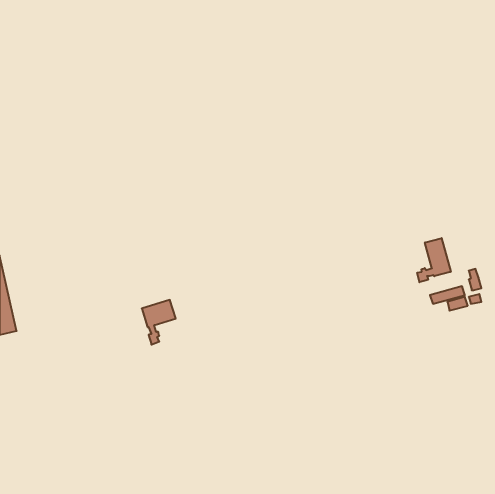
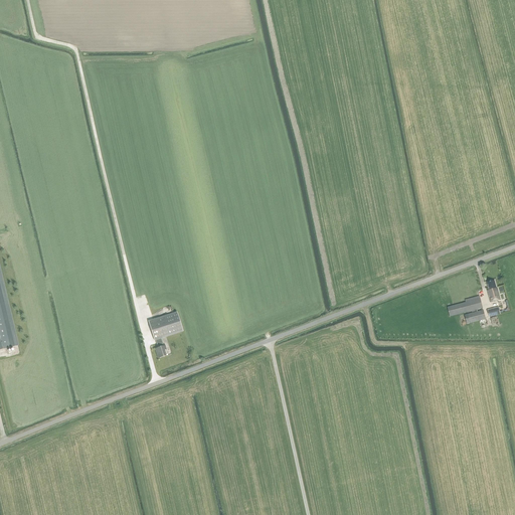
building: [417,238,451,282] -> none

